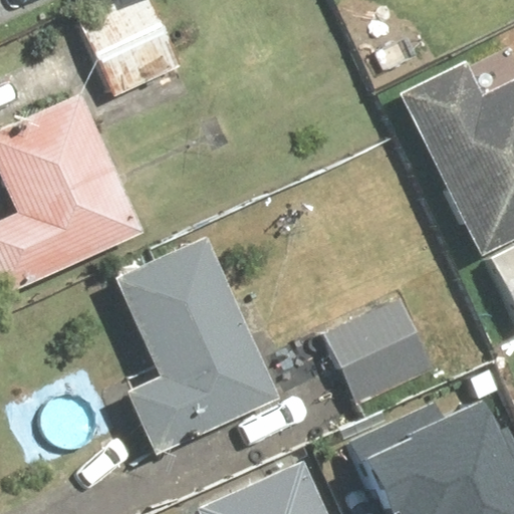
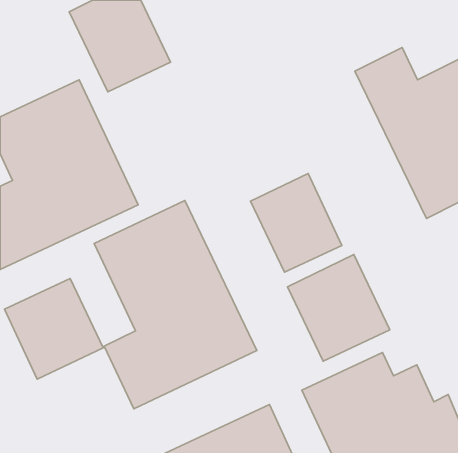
building: none -> [251,174,342,272]
building: none -> [5,279,103,379]

